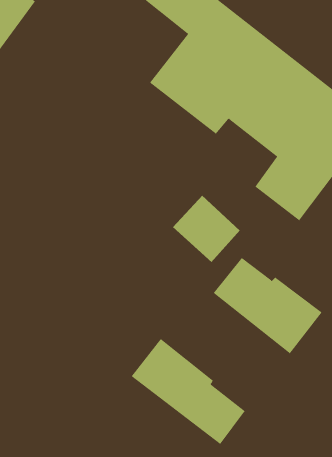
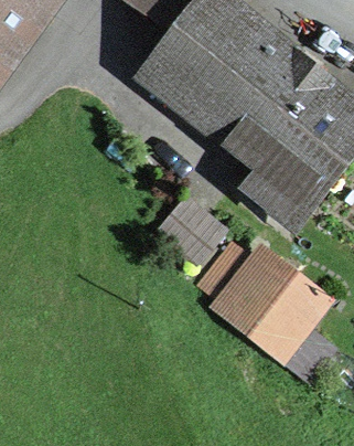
building: [131,338,245,445] -> none

